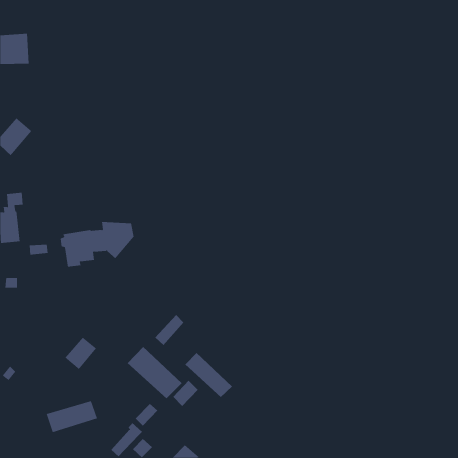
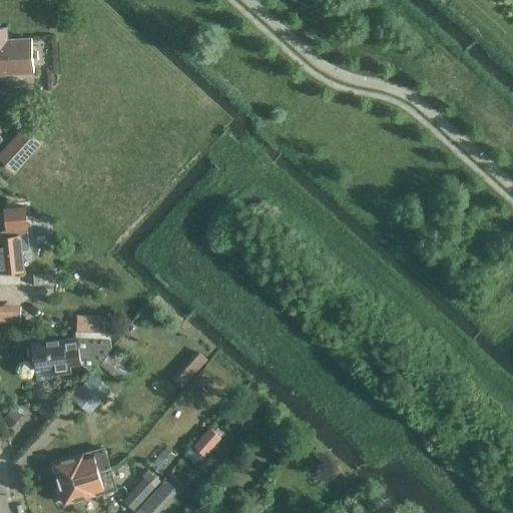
building: [60,221,134,267] -> [28,329,111,380]
building: [127,346,182,399] -> none
building: [185,352,233,398] -> none
building: none -> [58,467,115,503]

